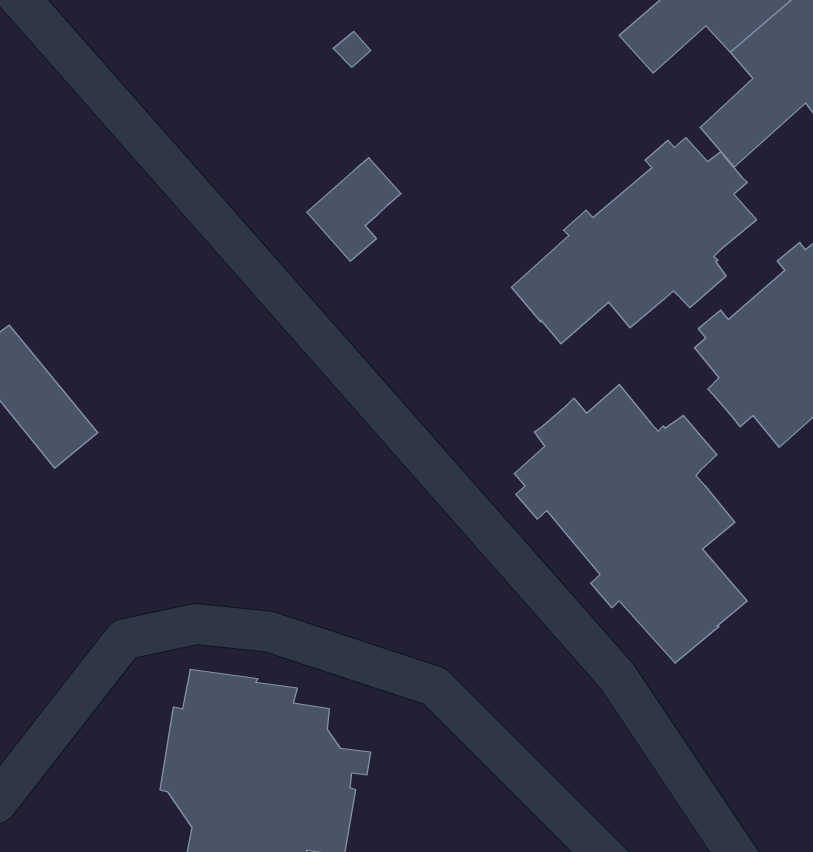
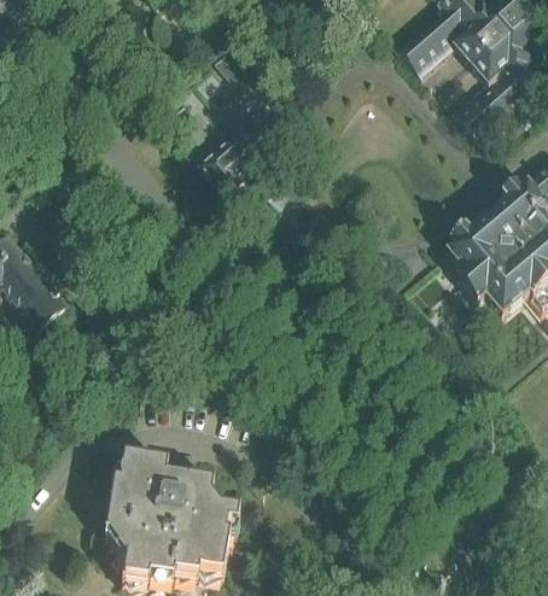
building: [511,138,757,344] -> none
building: [514,384,747,663] -> none

